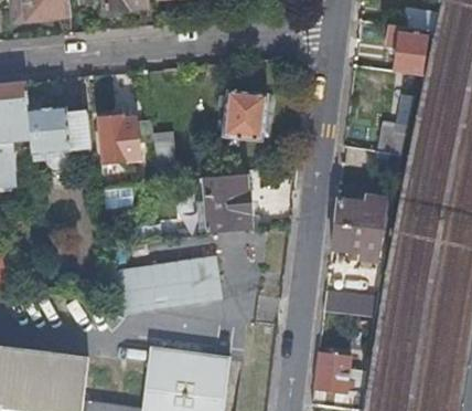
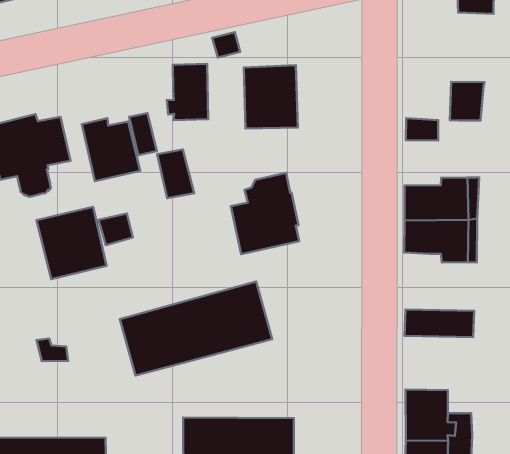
building: none -> [167,64,208,120]
building: none -> [36,207,107,279]

